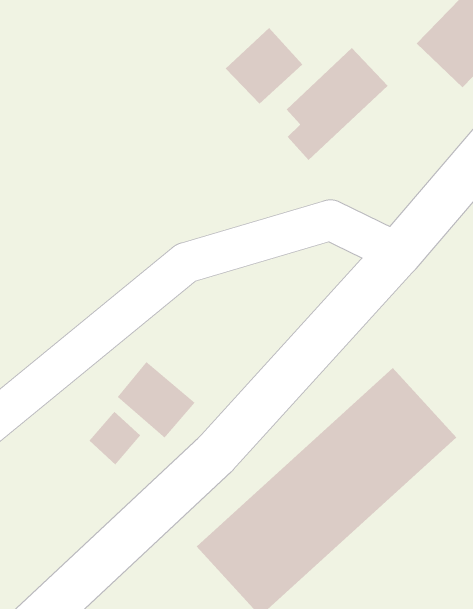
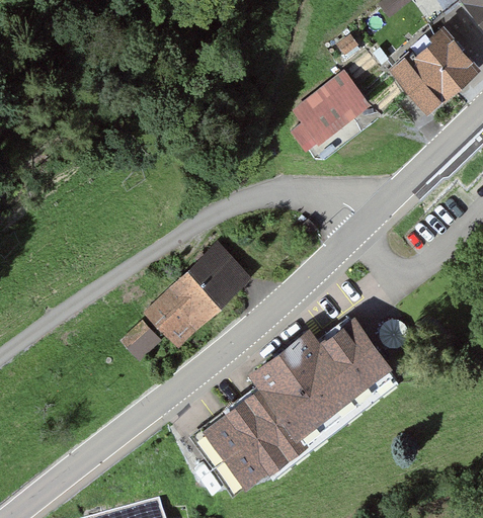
building: [225,27,303,104] -> none
building: none -> [170,244,252,324]

